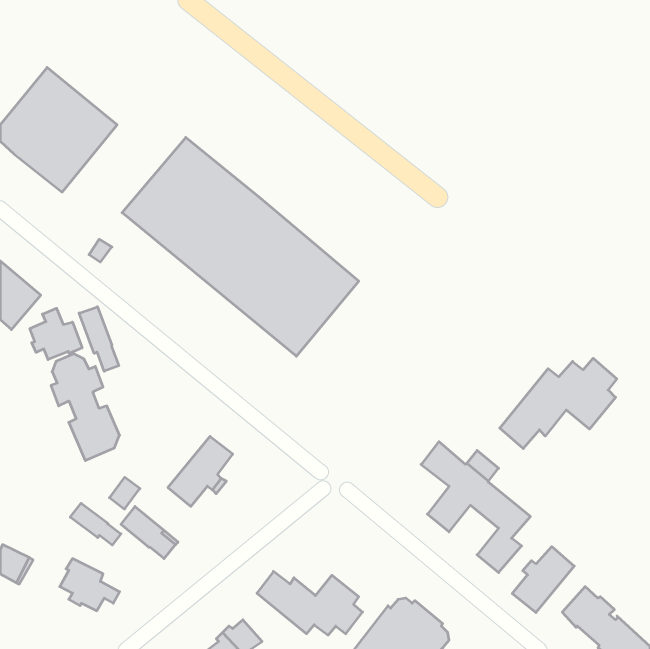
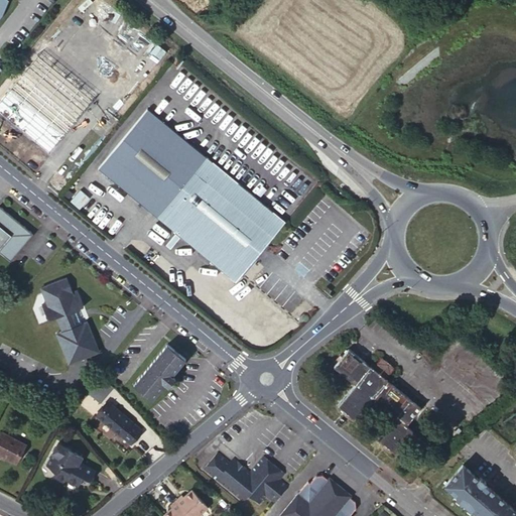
building: [79,307,119,371] -> none
building: [30,308,82,360] -> none
building: [500,358,617,449] -> none
building: [70,503,121,545] -> none
building: [512,547,574,613] -> none

